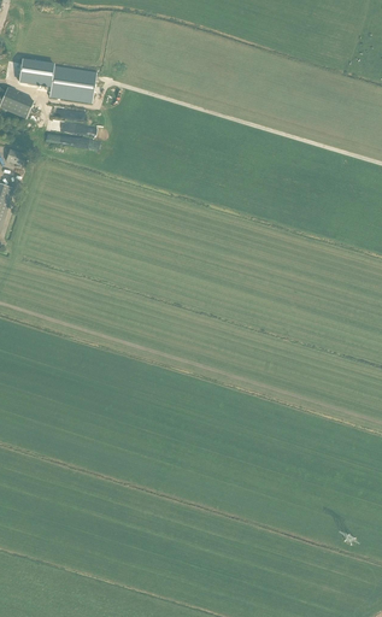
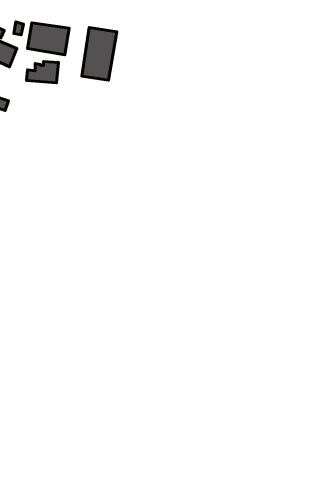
building: none -> [82,28,117,80]

